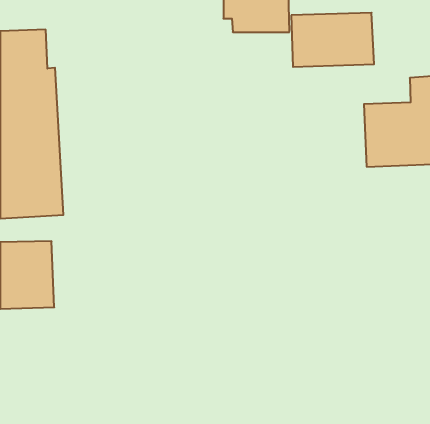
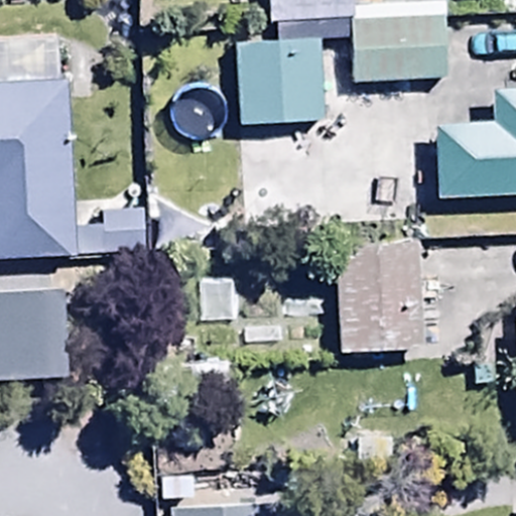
building: none -> [237,41,321,124]
building: none -> [333,241,418,353]

